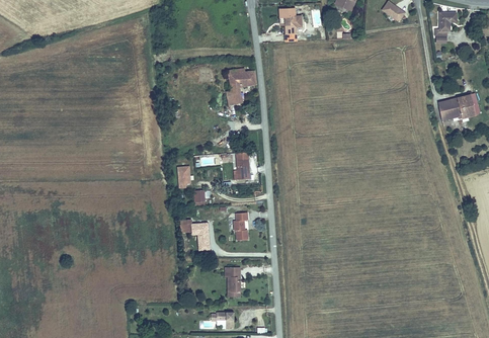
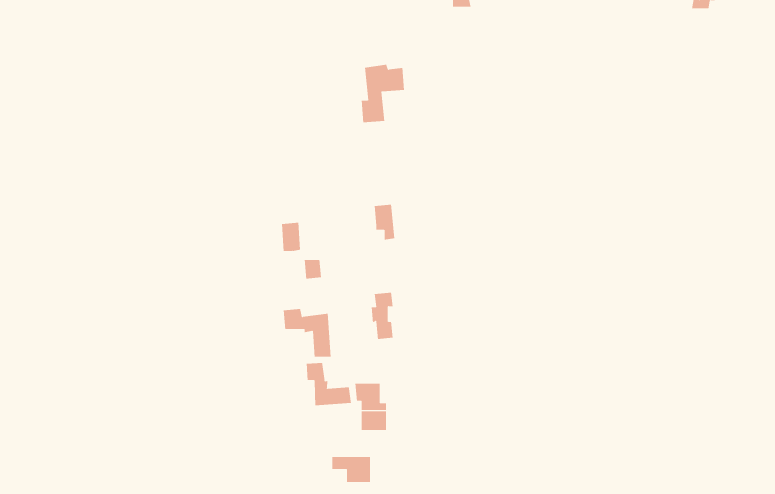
building: [438,95,475,120] -> none
building: none -> [306,362,351,406]

